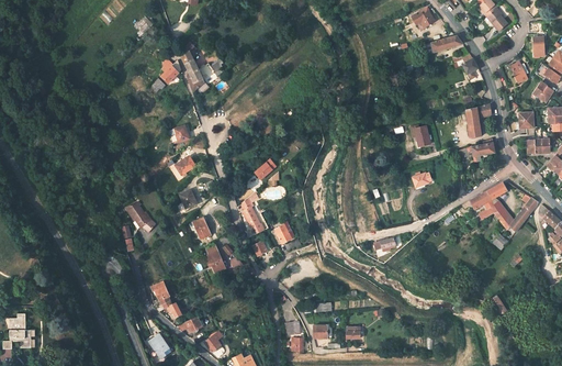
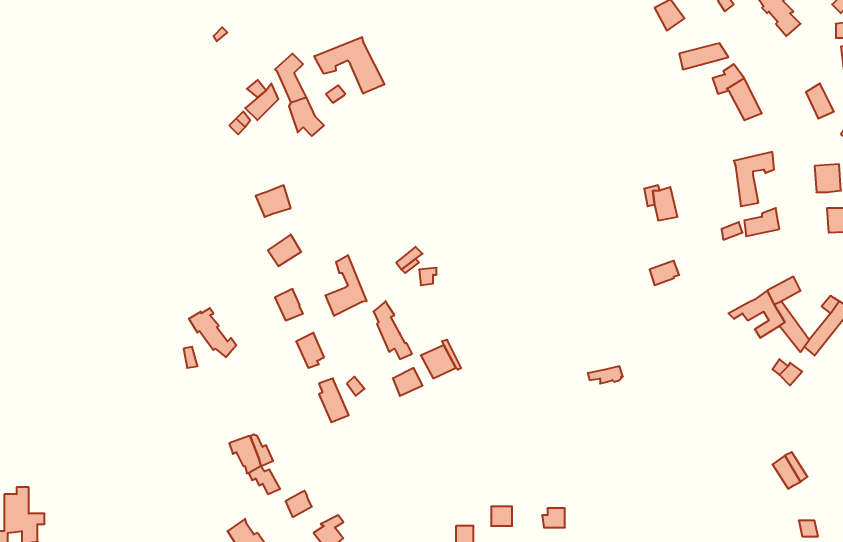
building: none -> [314,37,384,94]
building: none -> [325,255,367,316]

